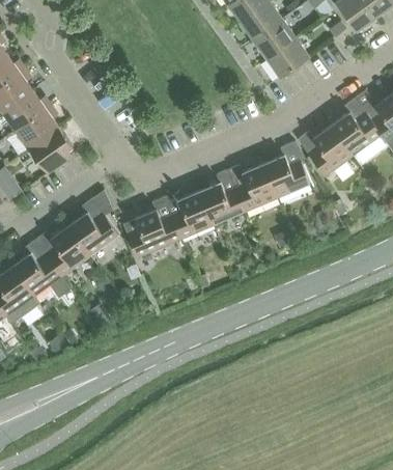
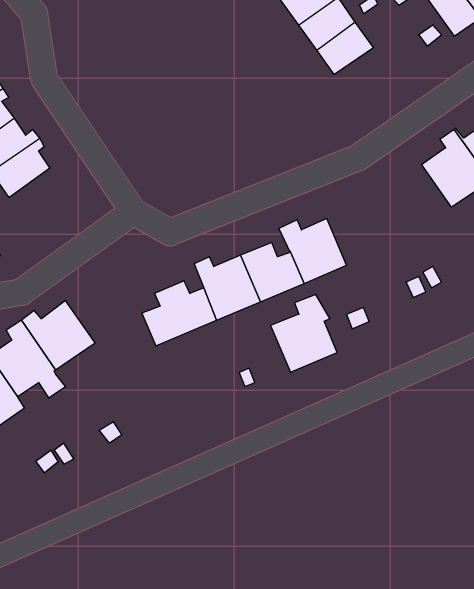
building: [266,38,309,78] -> none
building: [299,125,353,176] -> none
building: [28,127,72,174] -> none
building: [261,141,310,198] -> [271,294,337,372]
building: [69,190,120,255] -> none

